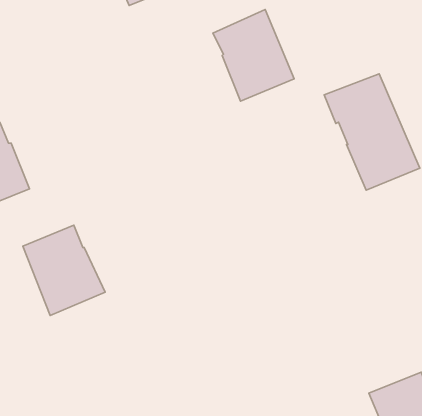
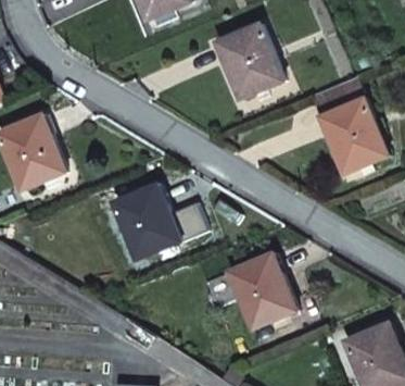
building: [23,225,105,316] -> [113,185,181,260]
building: none -> [230,254,298,329]

